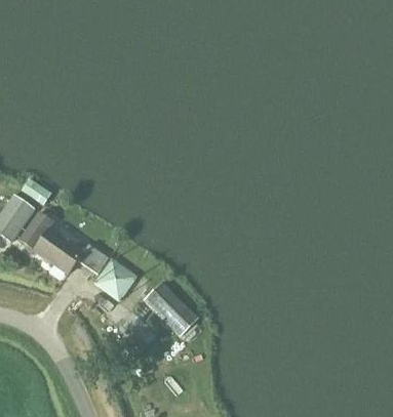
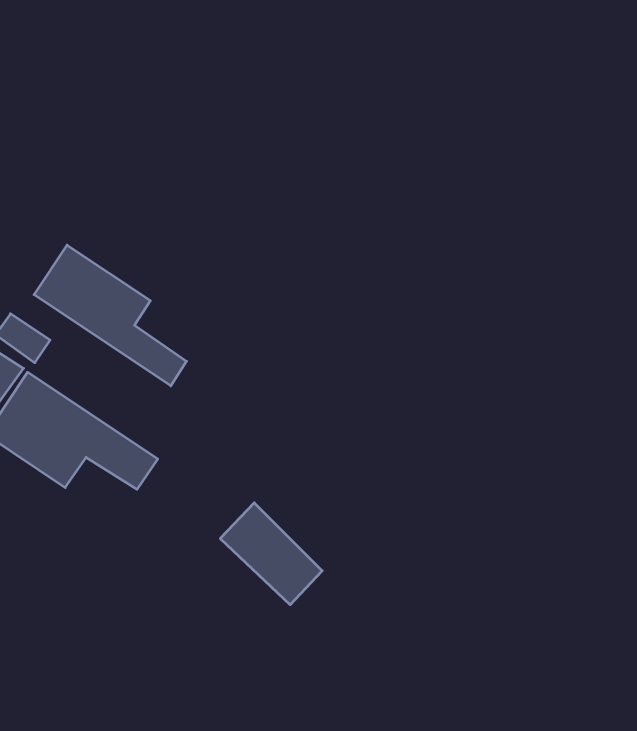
building: none -> [34,245,187,386]
building: [93,256,137,299] -> none

